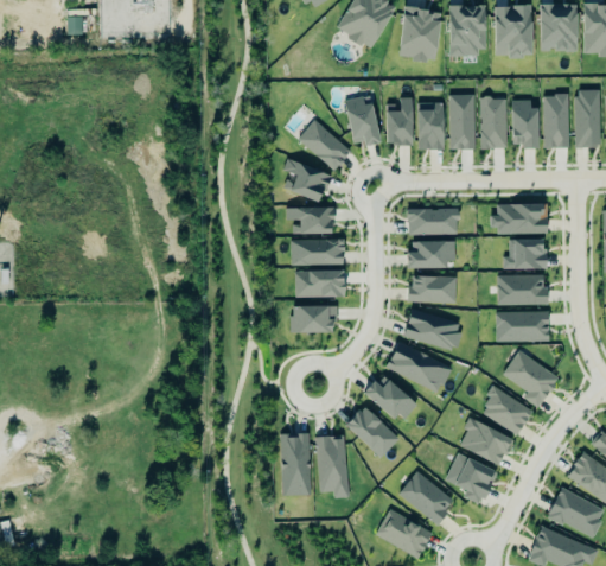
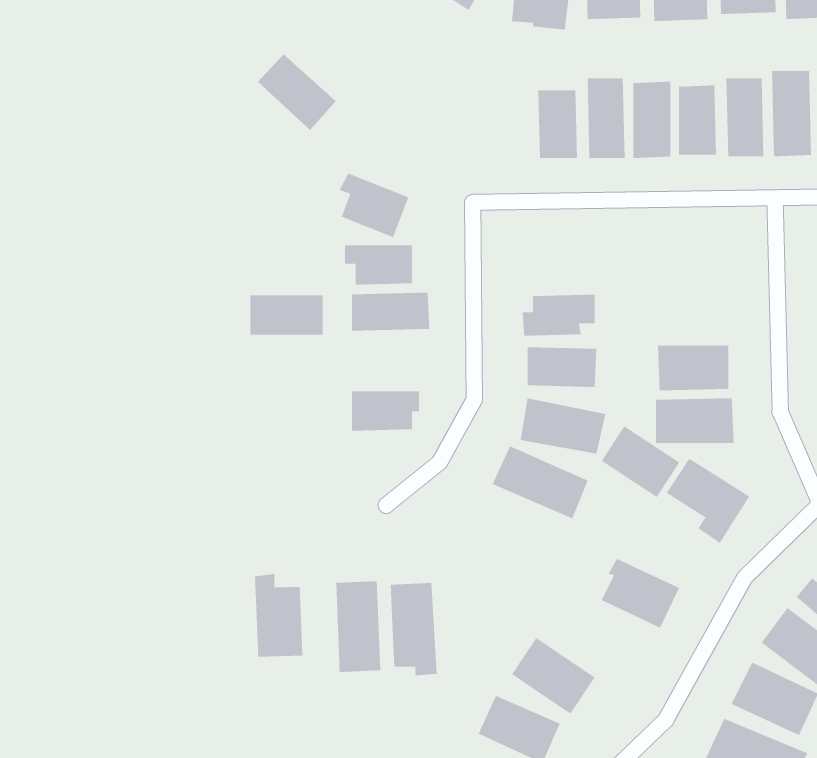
building: [345,96,379,146] -> none
building: [385,96,413,145] -> none
building: [298,119,351,171] -> [257,54,336,131]
building: [492,203,547,233] -> none
building: [408,208,458,235] -> none
building: [503,239,547,268] -> none
building: [294,269,344,297] -> [250,295,323,335]
building: [364,374,417,422] -> none
building: [480,386,534,434] -> [601,426,680,498]
building: [345,405,398,458] -> none
building: none -> [254,573,303,658]
building: [445,452,498,504] -> none

